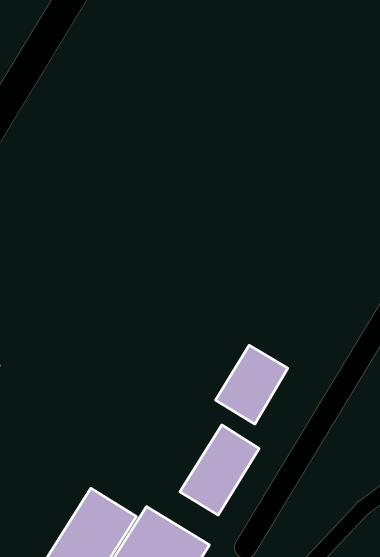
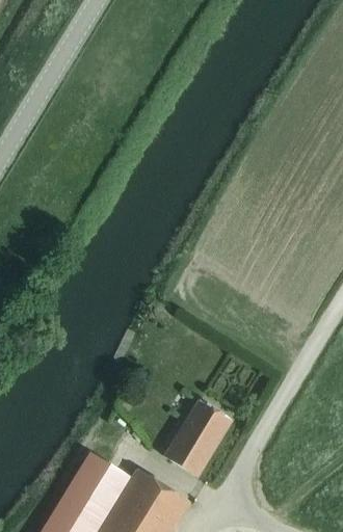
building: [215,345,288,424] -> none

